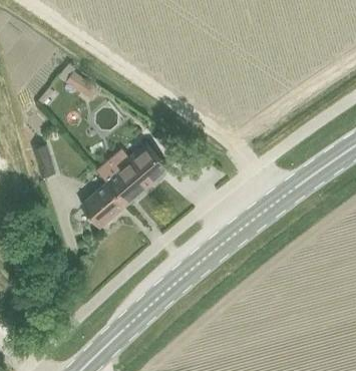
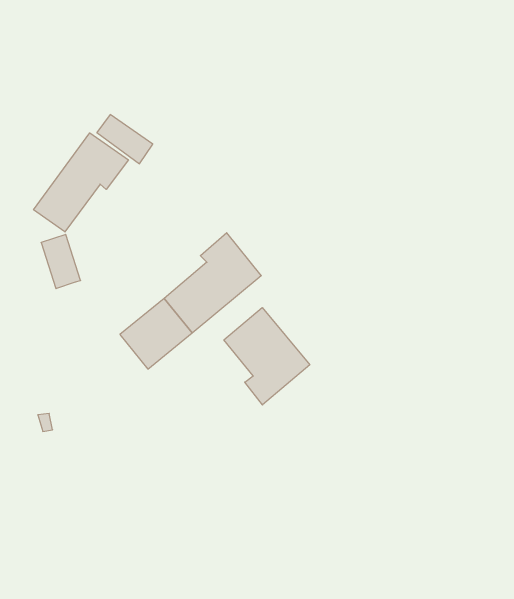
building: none -> [34,133,128,232]
building: none -> [224,308,310,405]

